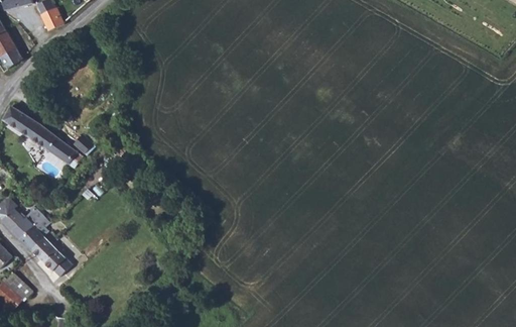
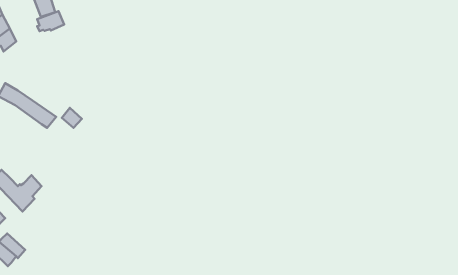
building: none -> [37,11,64,31]
building: [54,142,87,168] -> none
building: [27,233,67,268] -> none

